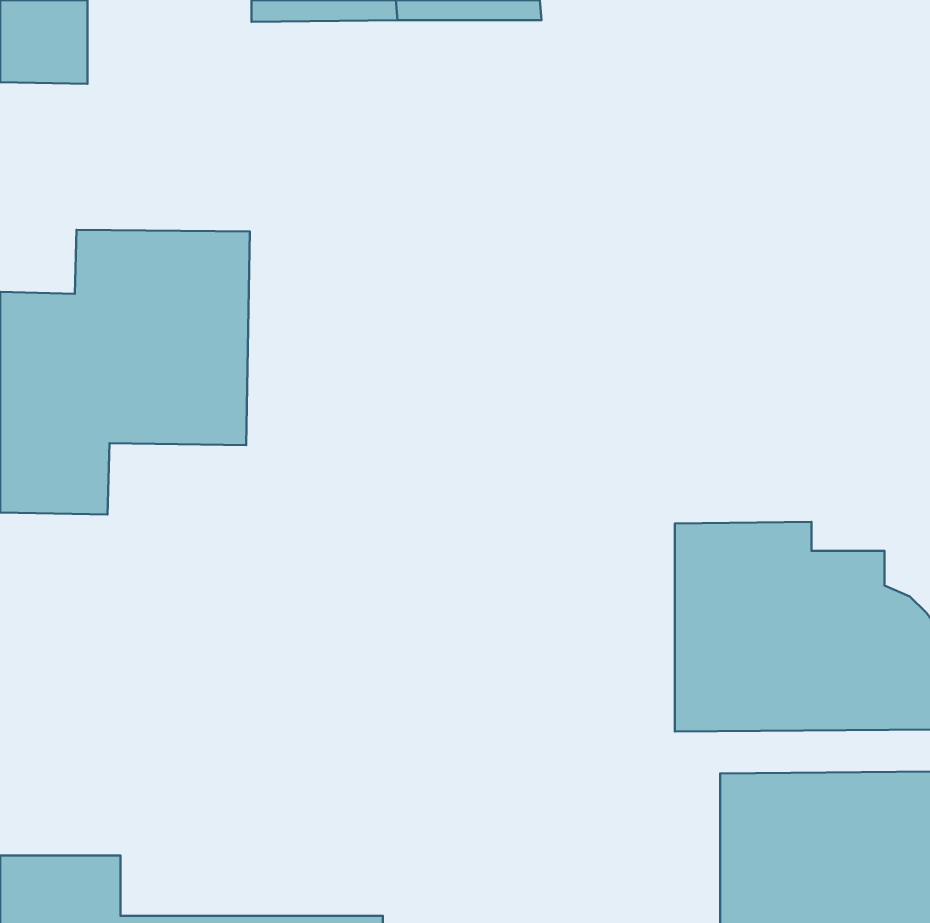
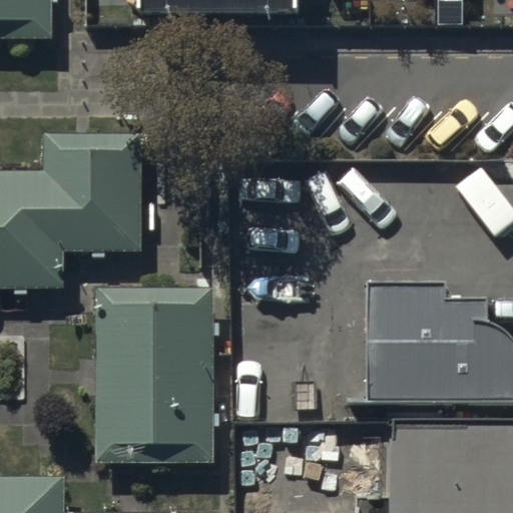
building: none -> [93,280,209,459]

